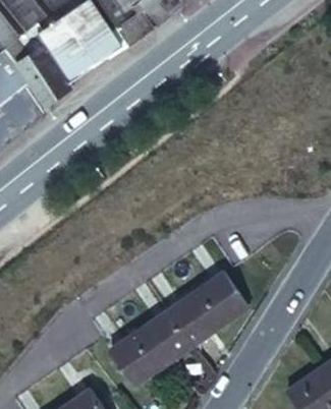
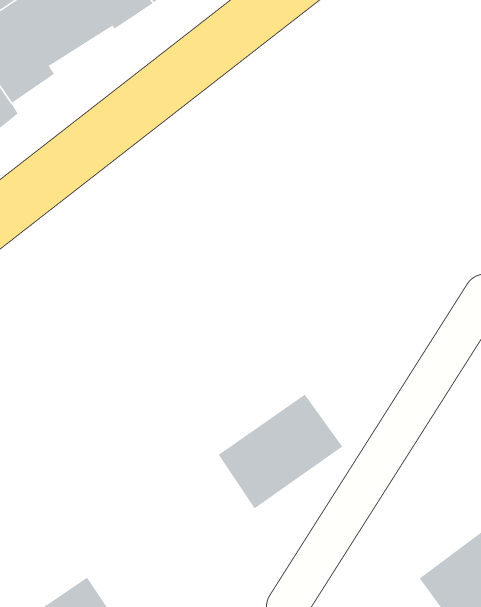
building: [110,312,187,385] -> none

